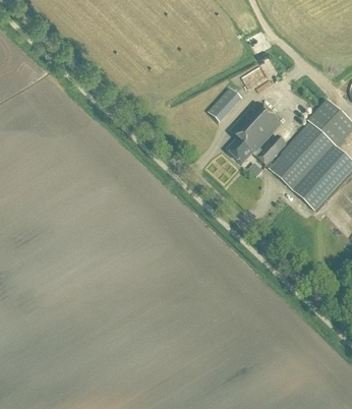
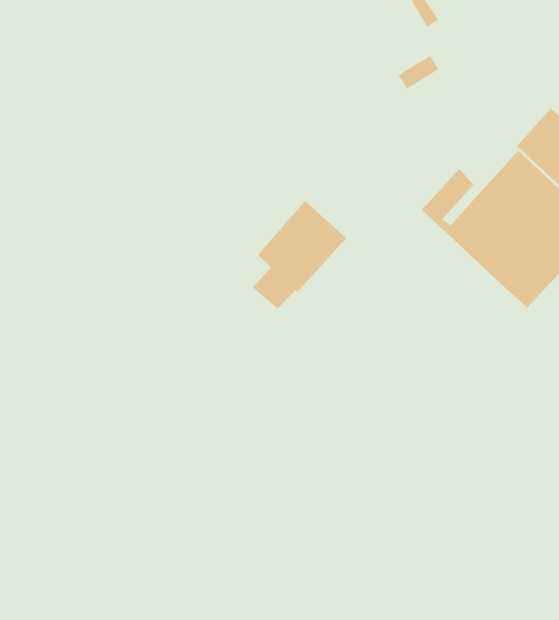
building: [209,87,243,123] -> none
building: [226,101,279,162] -> [252,200,347,309]

